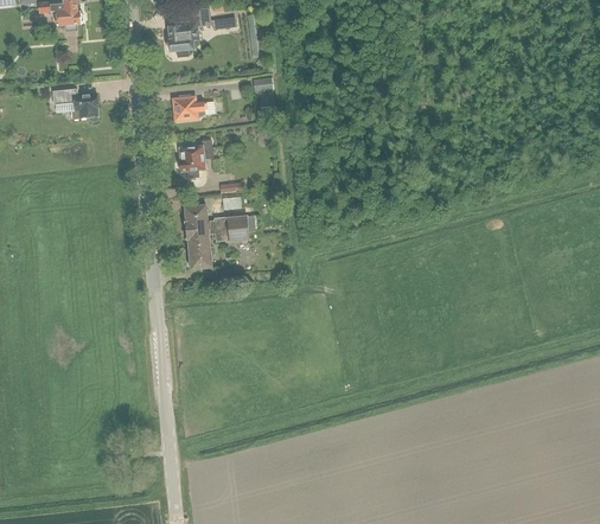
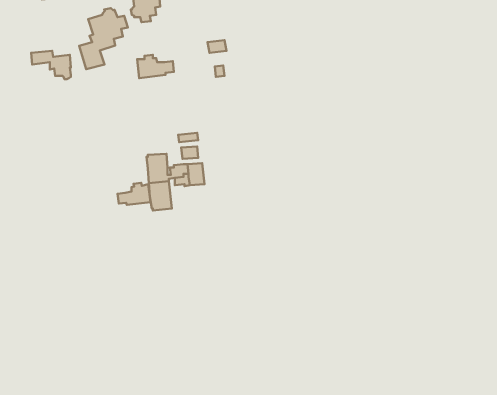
building: none -> [79,8,128,69]
building: [177,139,212,175] -> none
building: none -> [117,183,150,205]

